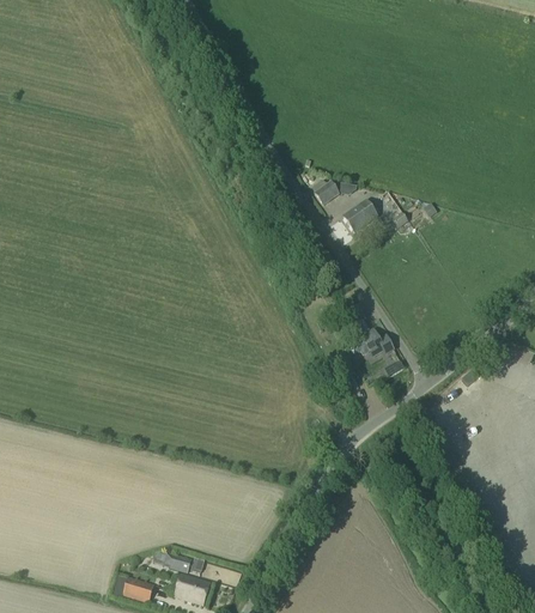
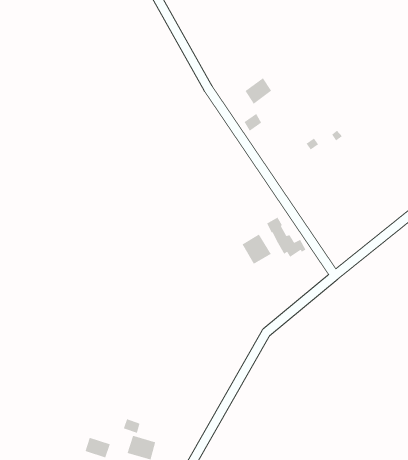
building: [345,199,378,232] -> [244,77,272,105]
building: none -> [242,234,272,265]

